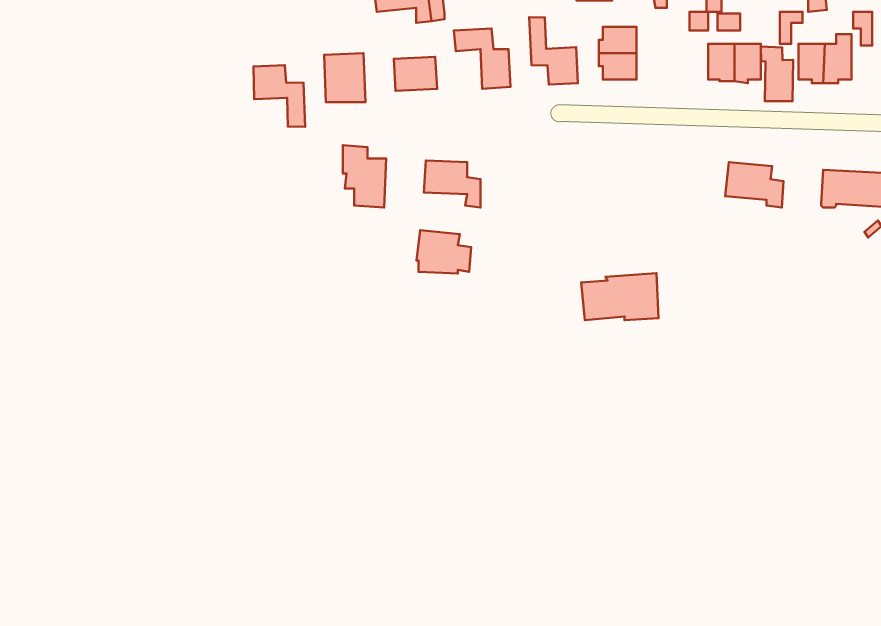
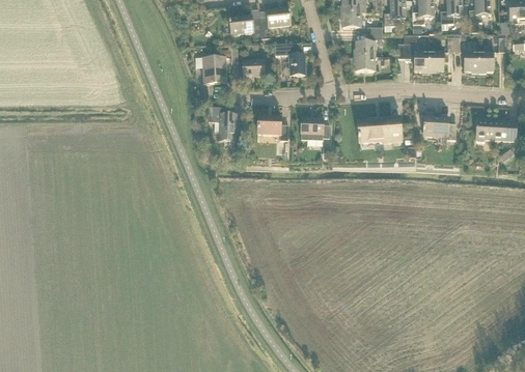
building: [529,17,578,85] -> none
building: [761,47,793,101] -> none
building: [253,65,305,127] -> none
building: [417,230,471,274] -> [300,116,330,140]
building: [581,273,658,320] -> [358,116,400,142]

